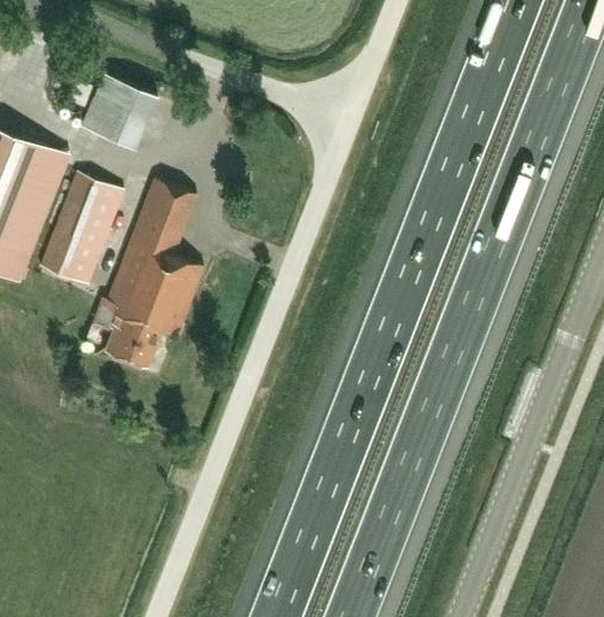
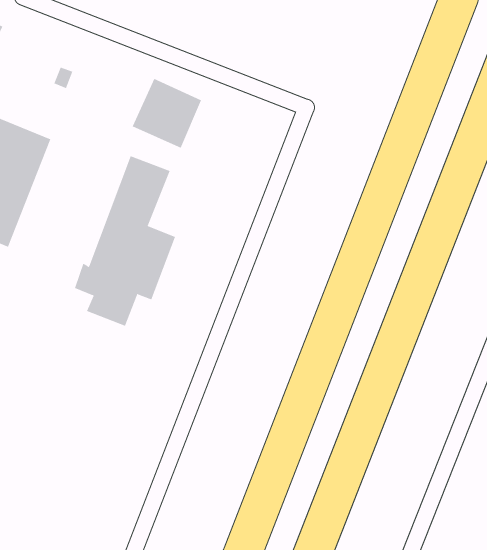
building: [81,72,158,149] -> [132,78,202,148]
building: [41,172,123,284] -> none

